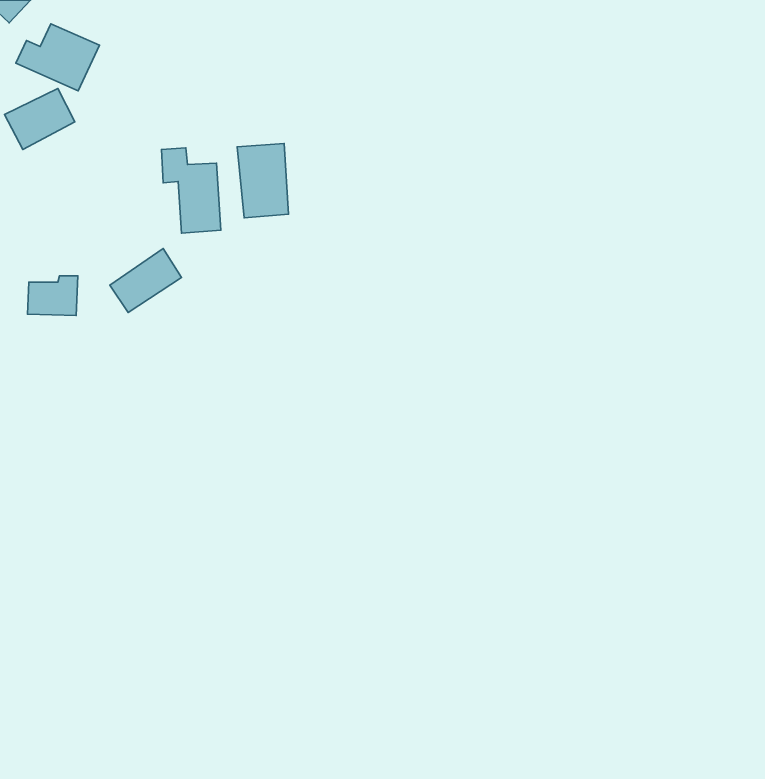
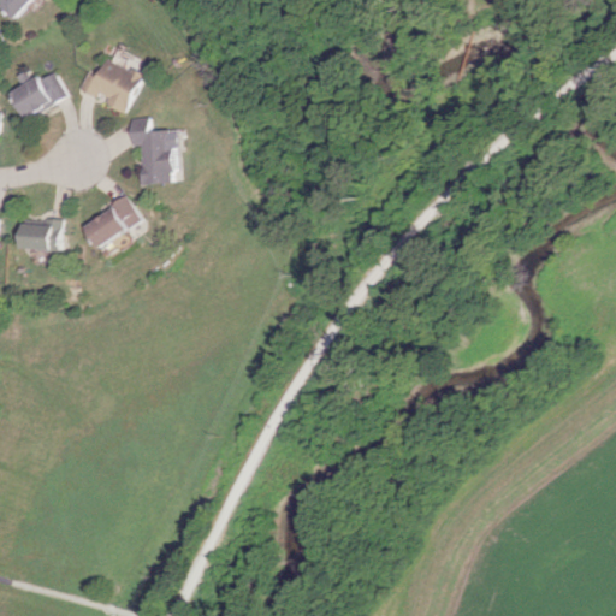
building: [16,24,100,91] -> [71,58,137,111]
building: [237,144,288,218] -> none

